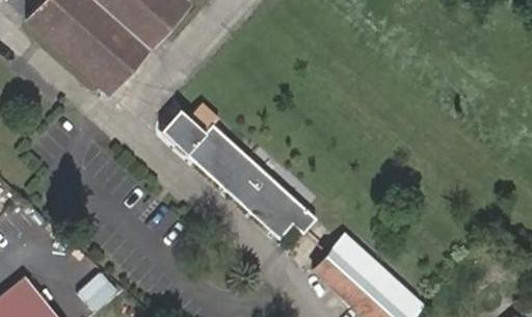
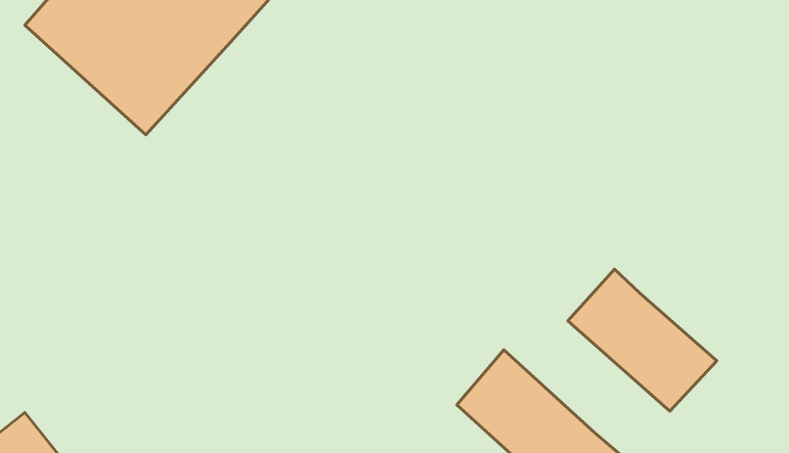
building: [161,109,317,238] -> none
building: none -> [568,269,717,411]

